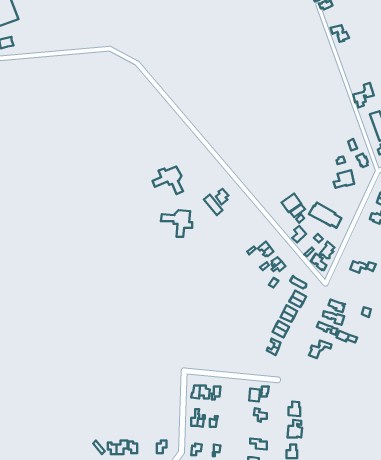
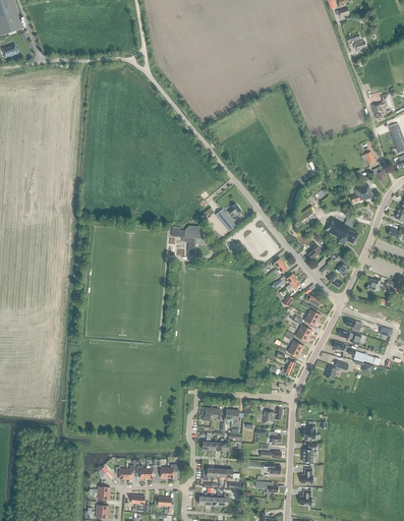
building: [152,166,183,194] -> none

